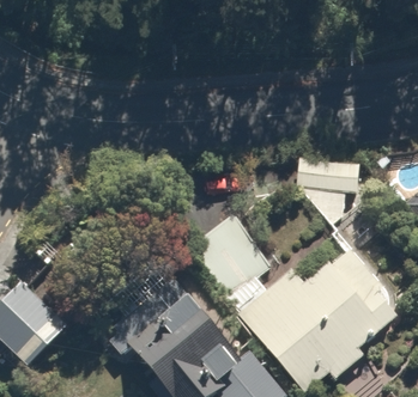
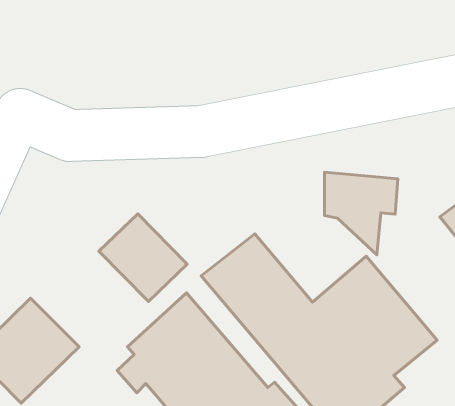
building: none -> [99,214,187,302]

